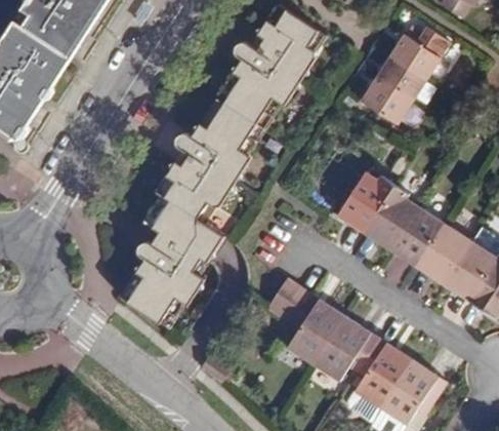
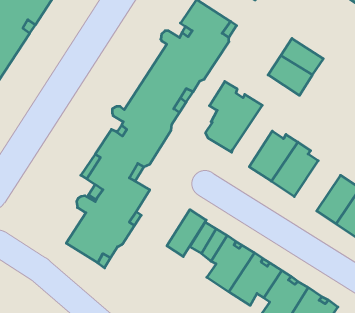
building: [389,32,442,79] -> none
building: none -> [206,81,262,152]
building: [392,202,448,263] -> none
building: none -> [167,210,206,257]

